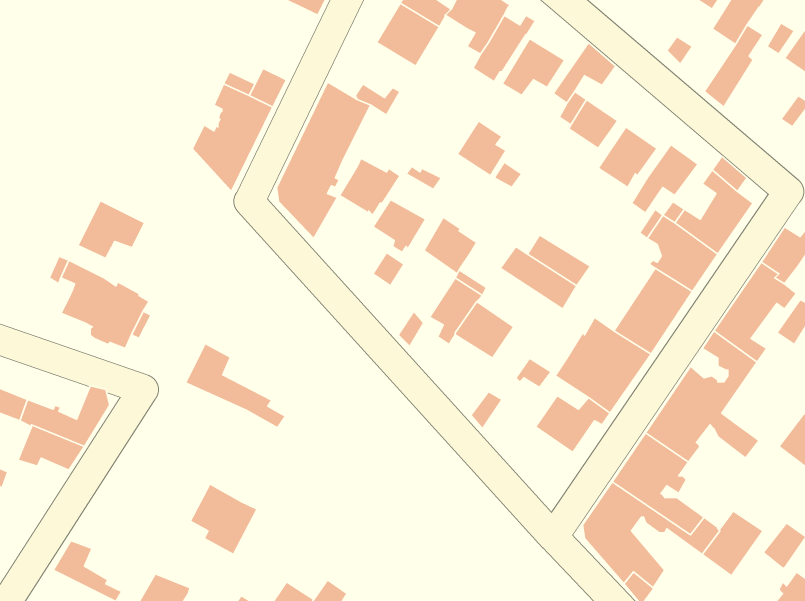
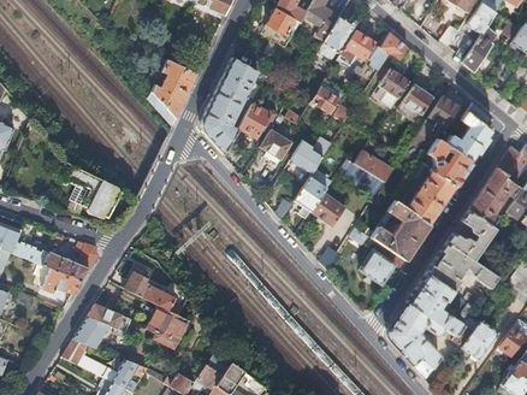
building: [78,201,145,259] -> none
building: [185,343,286,428] -> [122,263,183,314]
building: none -> [73,303,131,347]

